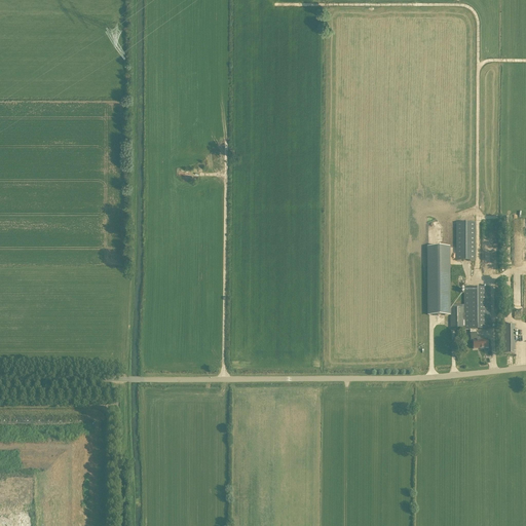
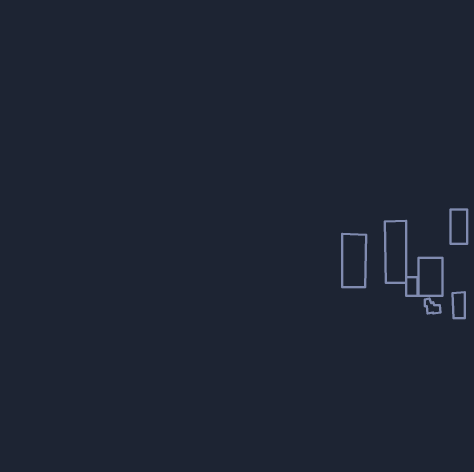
building: [456,221,475,259] -> [451,209,467,244]
building: none -> [342,234,366,287]

